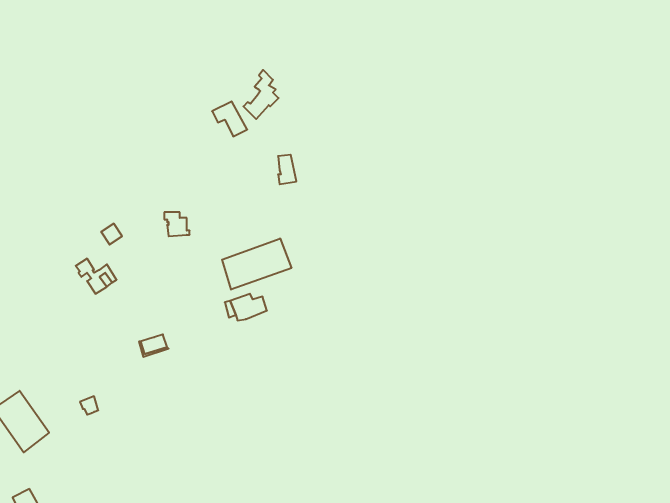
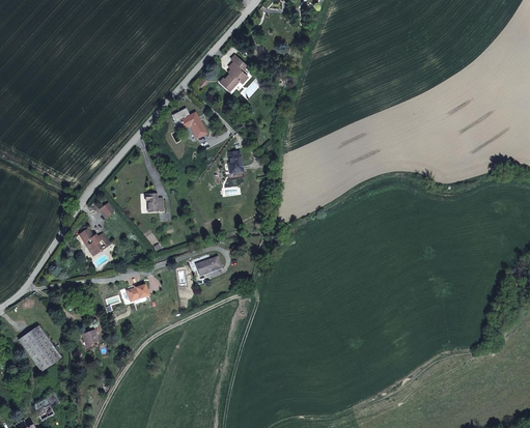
building: [243,70,279,119] -> [220,54,246,90]
building: [222,238,291,290] -> none

